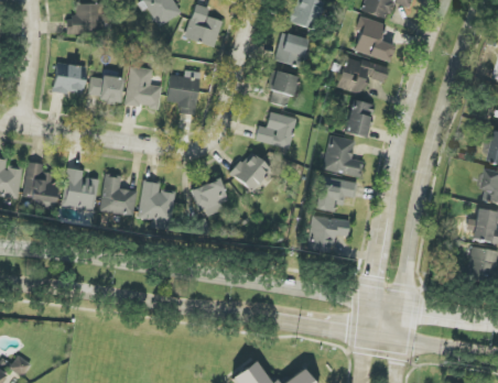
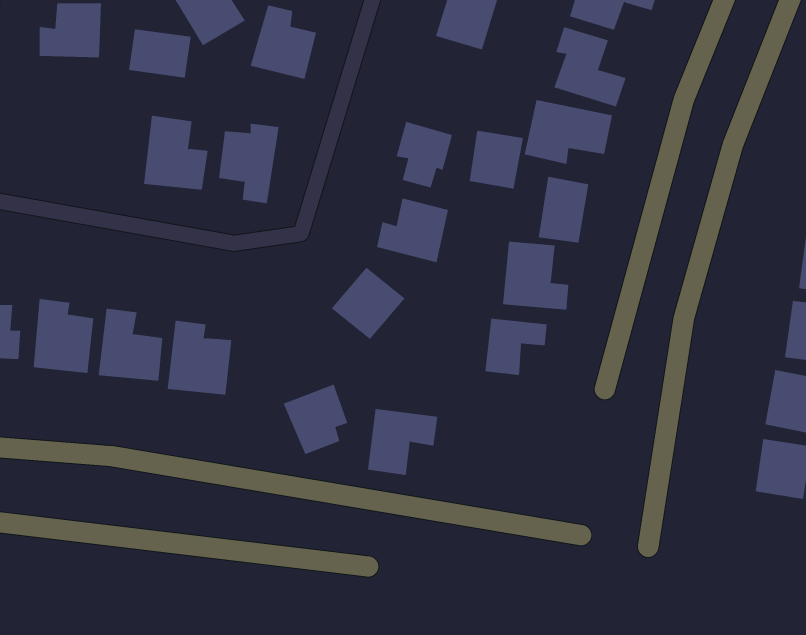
building: [275,33,306,66] -> [469,130,524,189]
building: [51,62,86,95] -> none
building: [87,75,122,102] -> [128,29,191,78]
building: [191,178,227,218] -> [283,384,348,455]
building: [310,216,349,253] -> [367,409,438,476]

